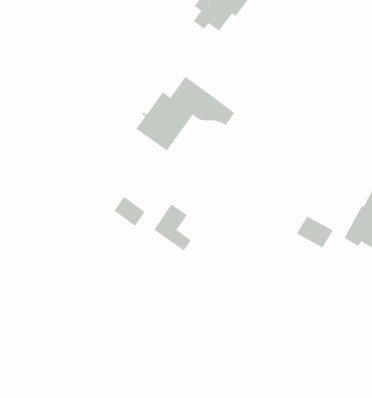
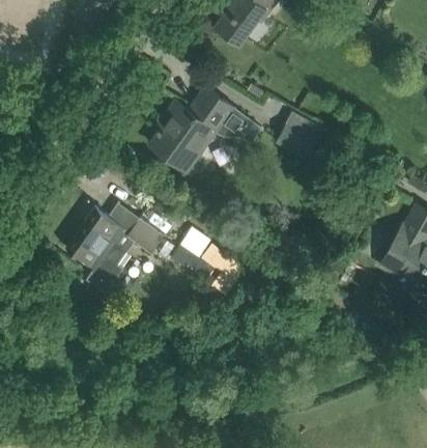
building: none -> [277,123,316,158]
building: none -> [65,205,126,287]
building: [296,215,334,249] -> none

